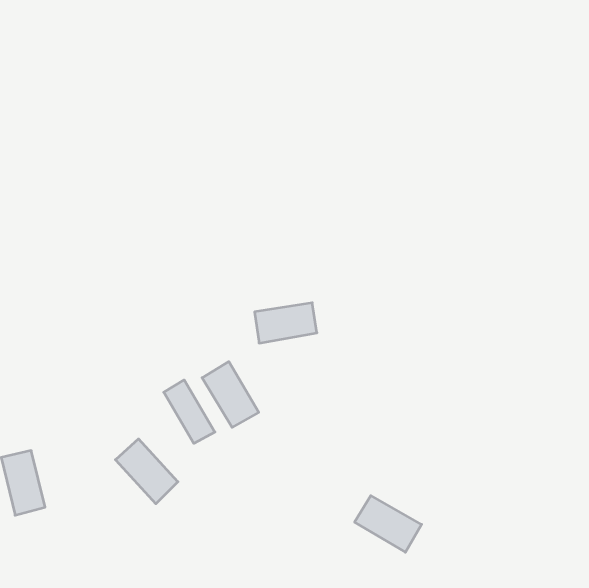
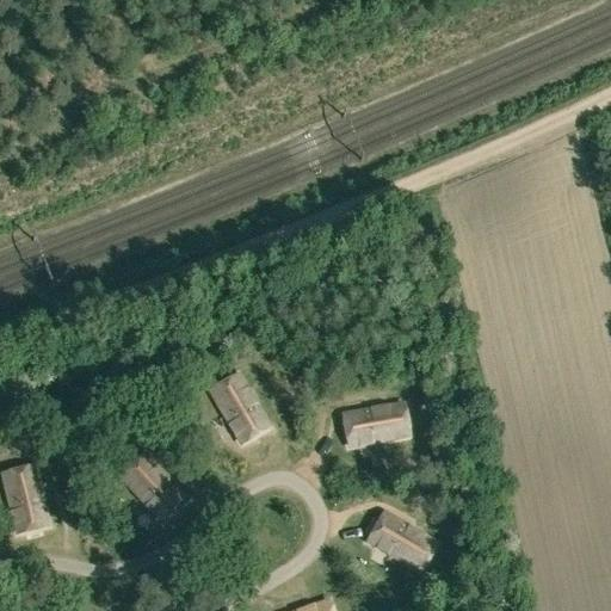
building: [255,303,317,343] -> [342,403,407,445]
building: [164,380,215,443] -> none

